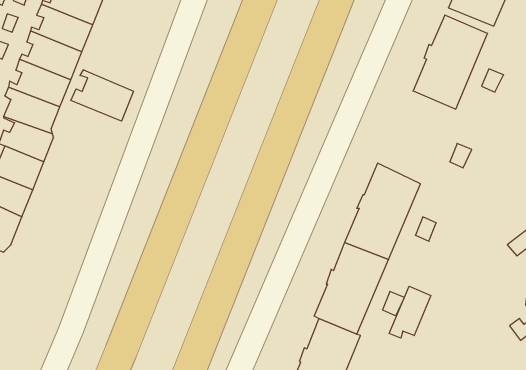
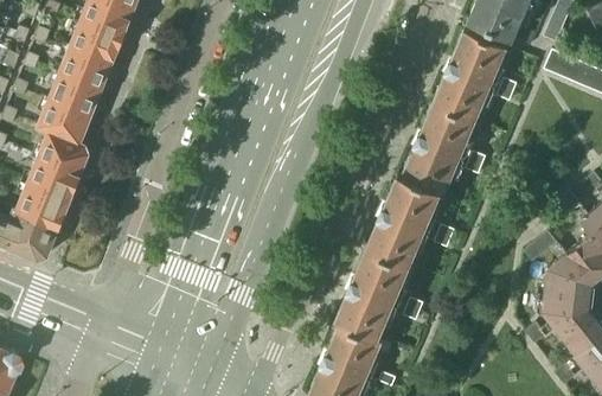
building: [71,70,134,121] -> none
building: none -> [404,104,475,196]
building: [389,286,431,338] -> none

